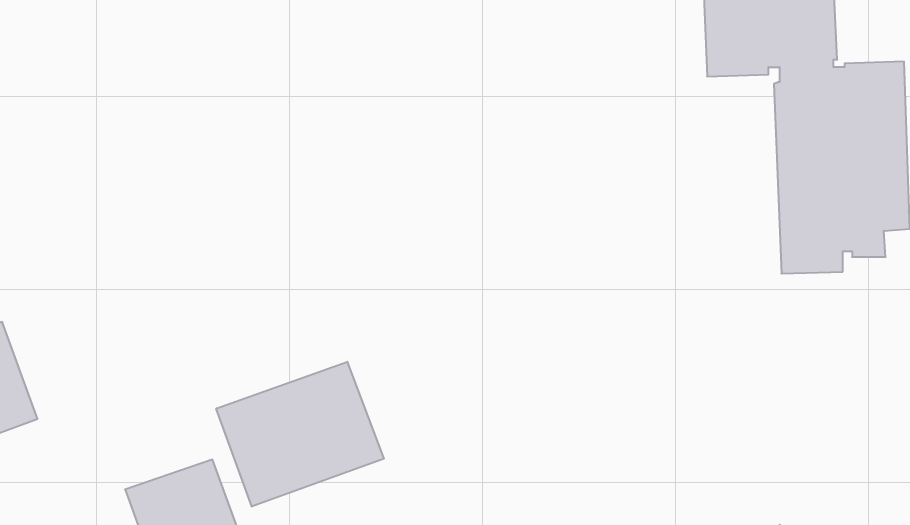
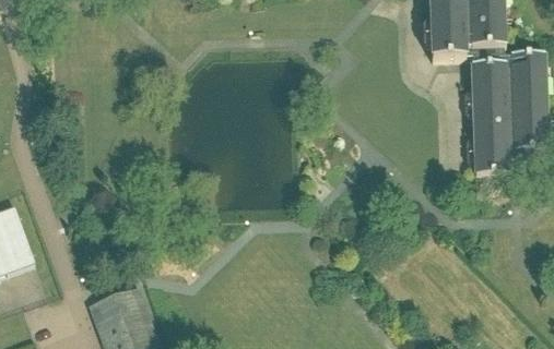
building: [216,362,384,507] -> none

